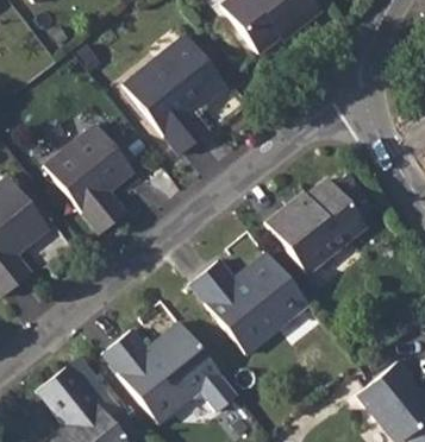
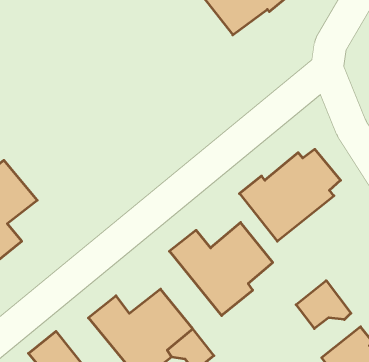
building: [124,43,227,153] -> none
building: [45,125,130,234] -> none
building: none -> [296,281,351,329]

